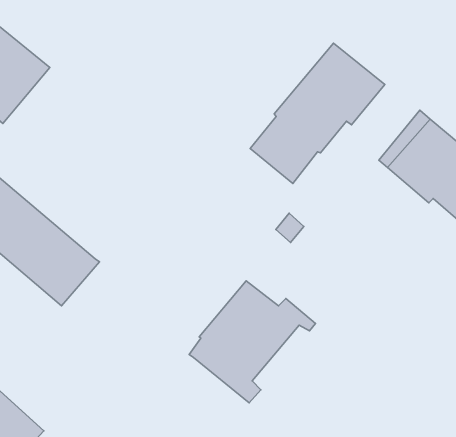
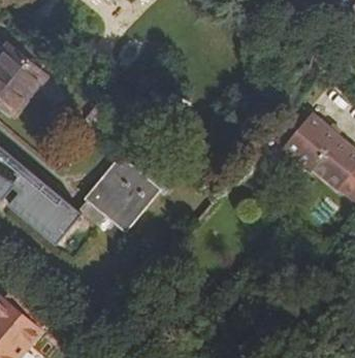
building: [250,43,385,184] -> none
building: [189,281,315,403] -> [78,159,167,245]

